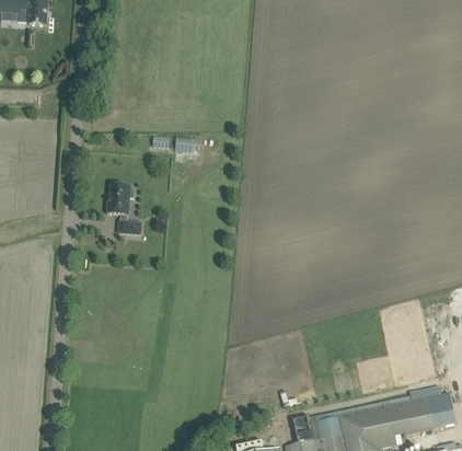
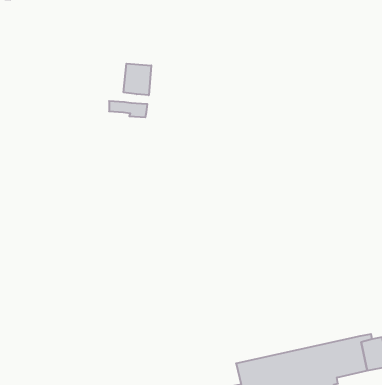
building: none -> [124,64,151,95]
building: [106,185,140,235] -> none

